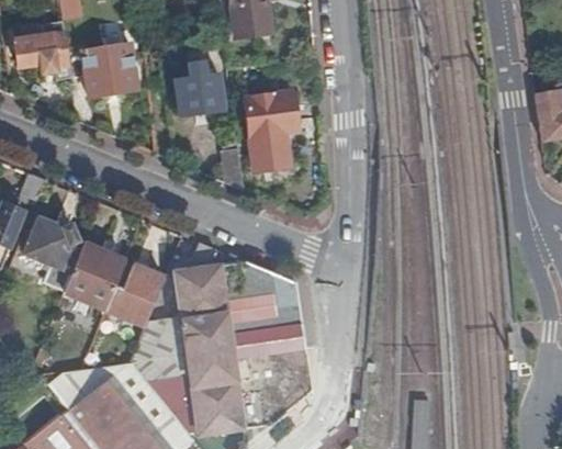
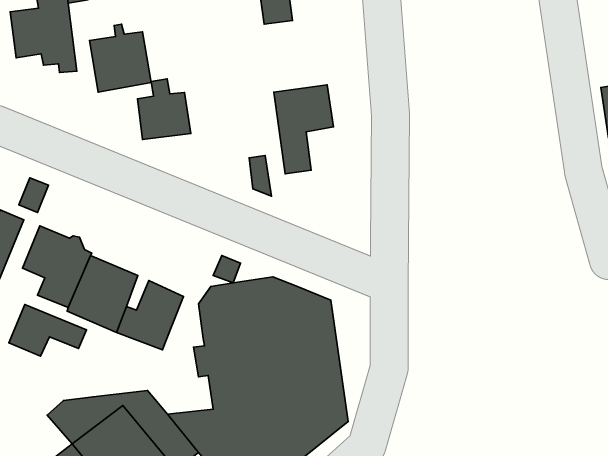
building: [176,64,223,117] -> [138,79,191,140]
building: none -> [9,304,86,356]
building: [132,317,191,384] -> none

